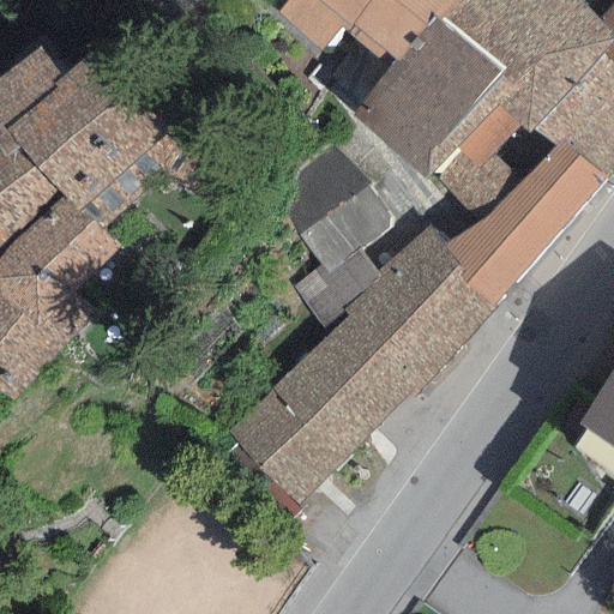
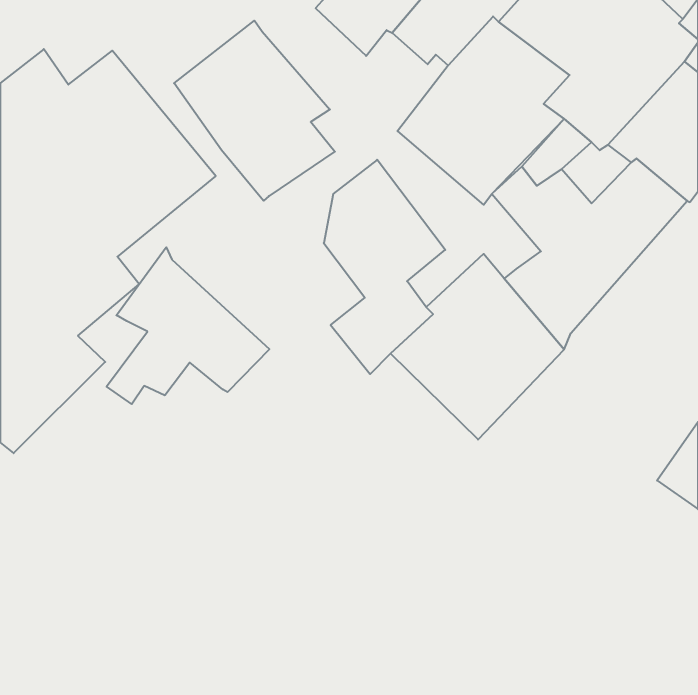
building: none -> [174,21,335,201]
building: none -> [107,247,269,404]
building: [224,311,420,506] -> none

